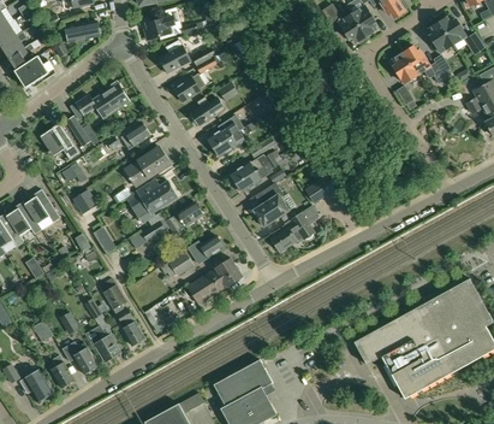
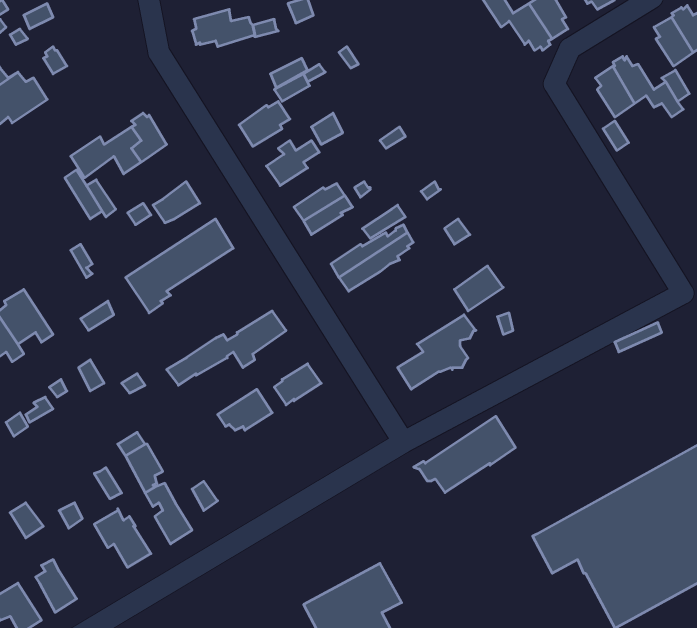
building: [65,19,99,40] -> none
building: [159,40,190,72] -> none
building: [40,122,79,160] -> none
building: [125,178,177,223] -> none
building: [252,182,287,225] -> none
building: [179,257,242,304] -> [414,416,515,493]
building: [61,341,96,373] -> none

